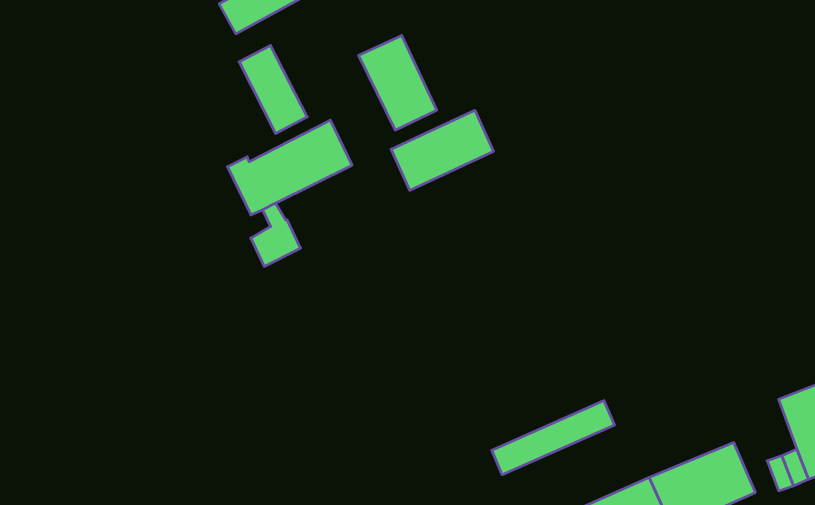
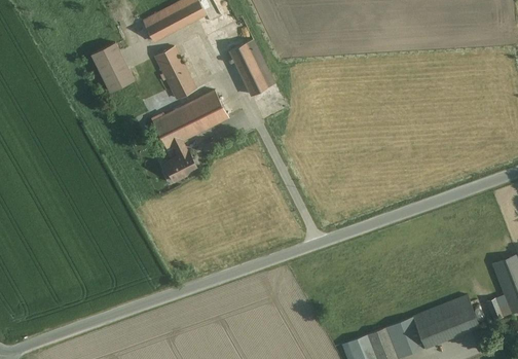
building: none -> [94,46,139,98]
building: [391,110,493,190] -> none
building: [492,401,614,475] -> none

